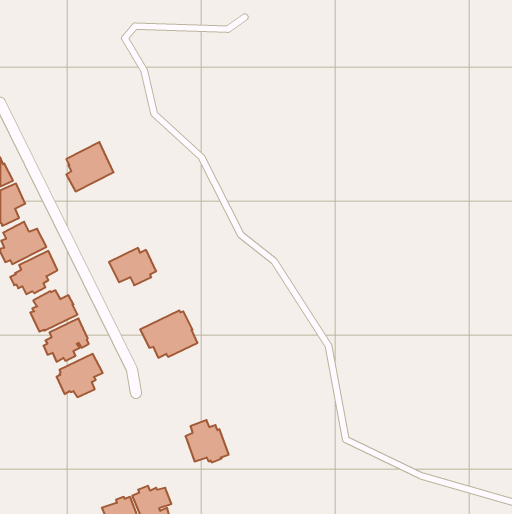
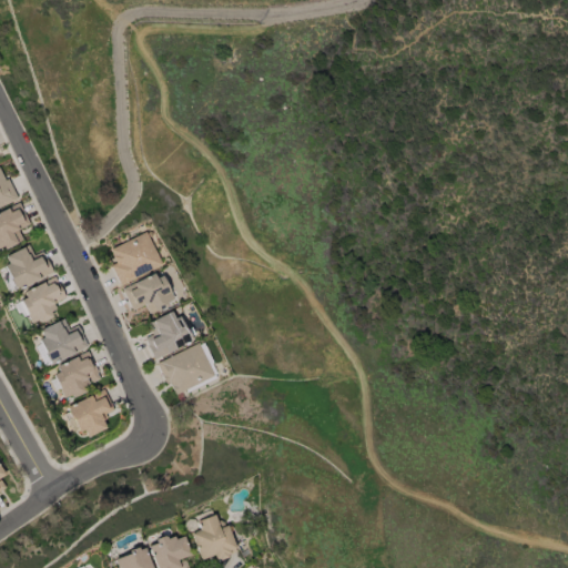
building: [66,142,114,191] -> [112,232,164,286]
building: none -> [149,311,192,358]
building: [185,420,229,462] -> [192,516,240,562]

